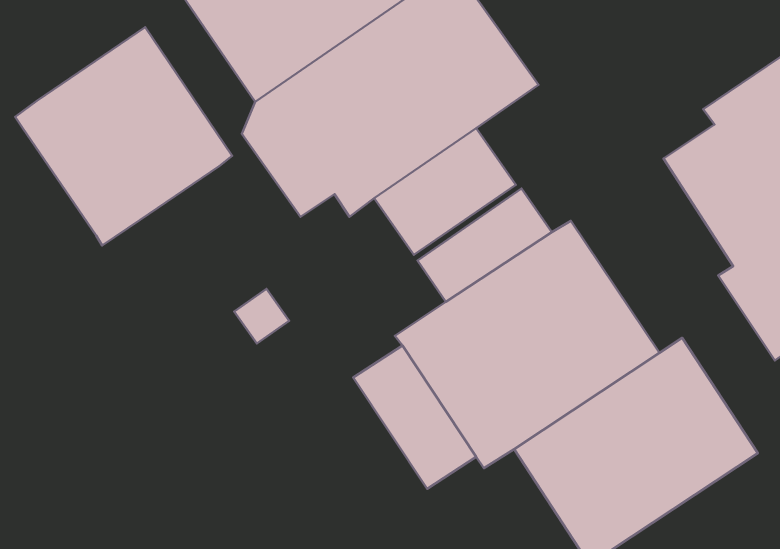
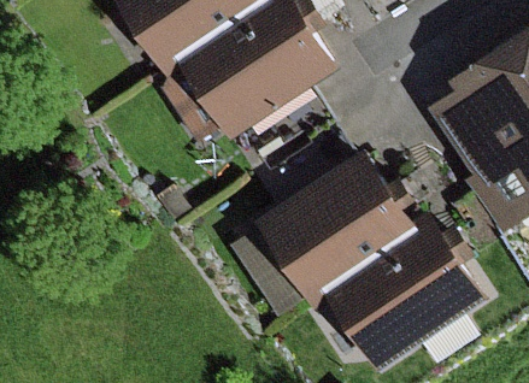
building: [15,27,232,246] -> none

